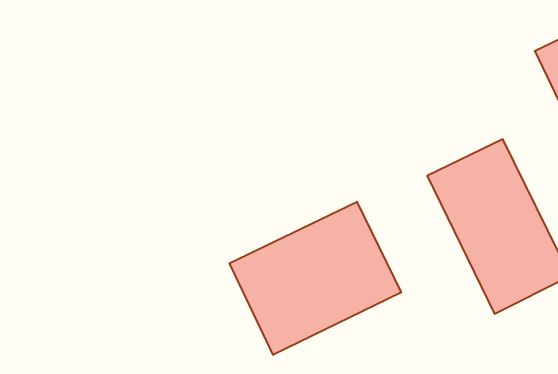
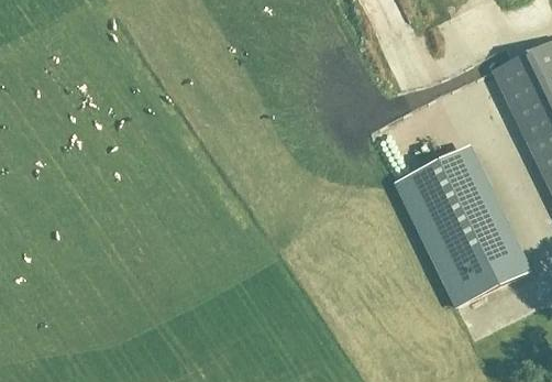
building: [230,202,401,355] -> none

